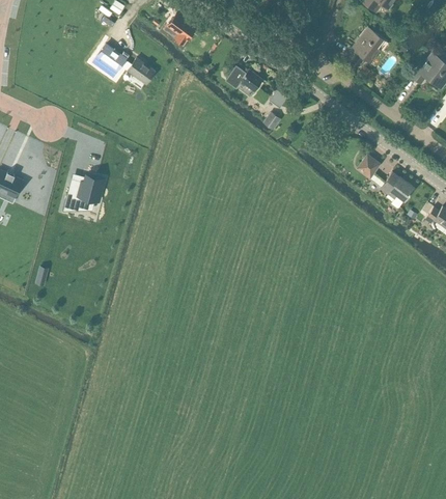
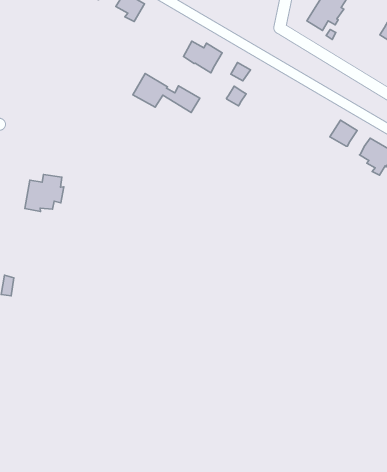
building: [93,44,156,84] -> [133,74,200,112]

